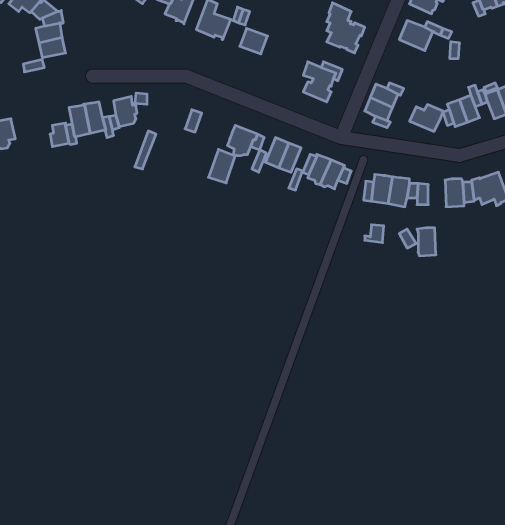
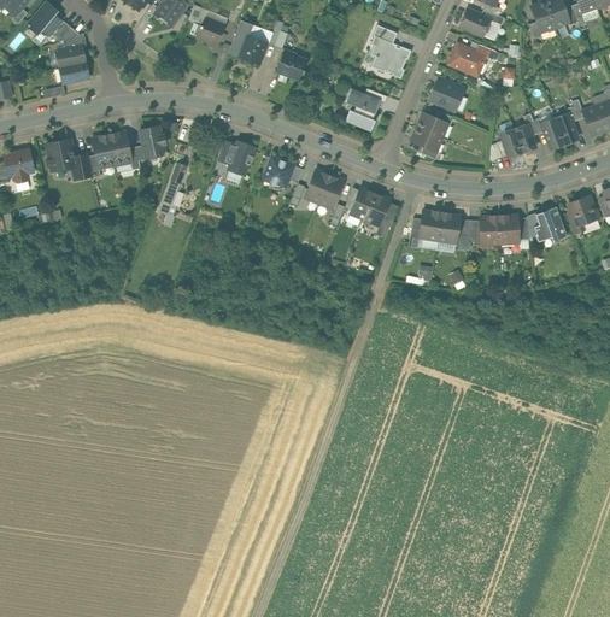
building: [410,105,443,131] -> [428,81,464,110]
building: none -> [46,140,75,170]
building: [208,149,235,183] -> [225,140,254,176]
building: [417,228,436,256] -> [479,216,499,246]

